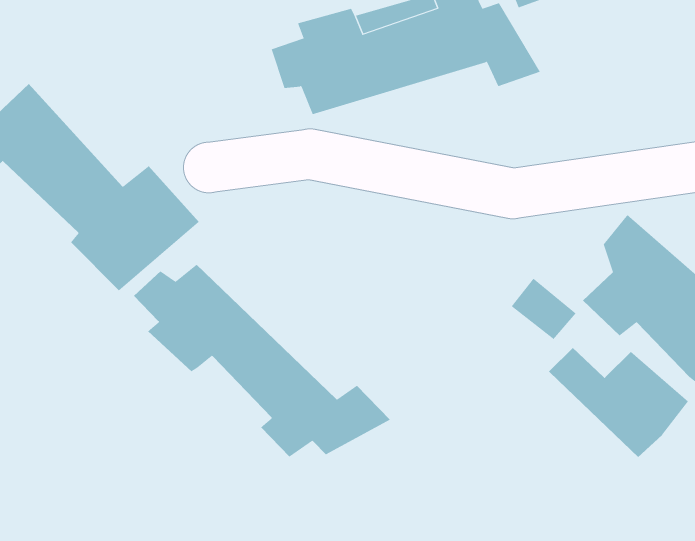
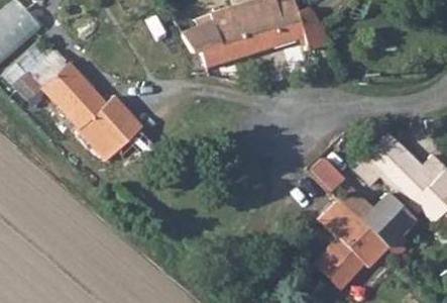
building: [133,264,391,458] -> none
building: none -> [308,204,383,290]

